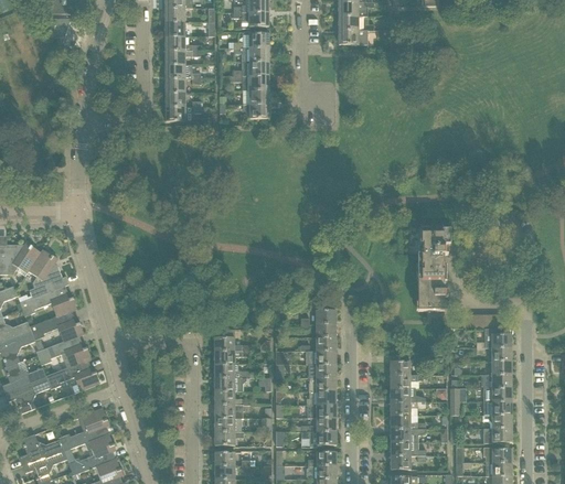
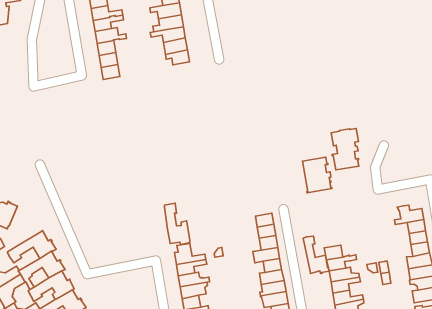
building: [29,249,63,298] -> none
building: [417,272,448,310] -> [303,157,332,193]
building: none -> [165,203,190,245]
building: none -> [303,236,329,273]

